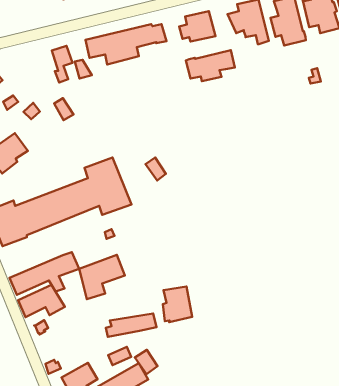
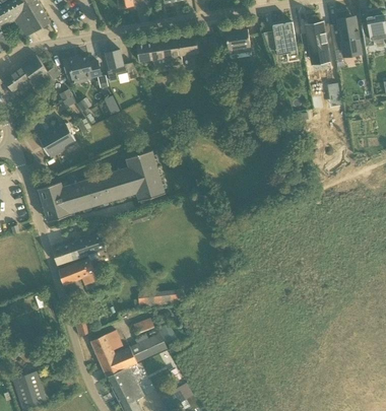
building: [186,50,235,81] -> none
building: none -> [63,57,101,80]
building: [79,255,125,299] -> none
building: [163,286,192,322] -> none

